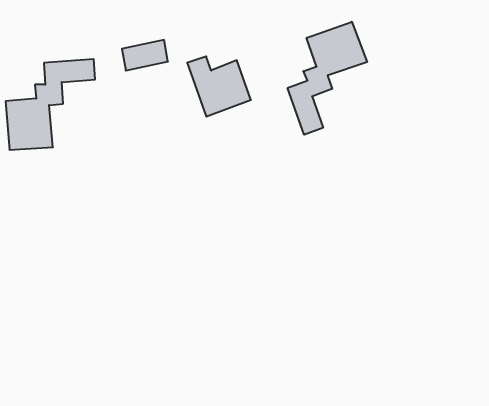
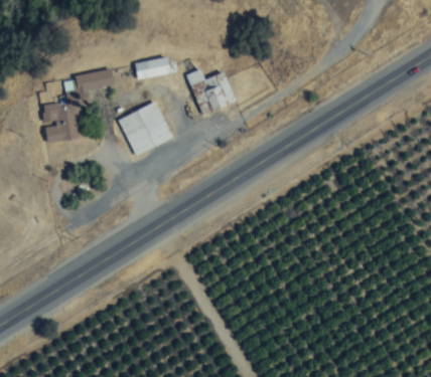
building: [288,22,367,135] -> none
building: none -> [119,102,173,156]

